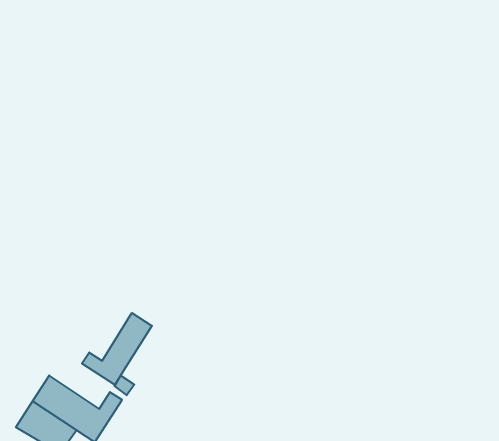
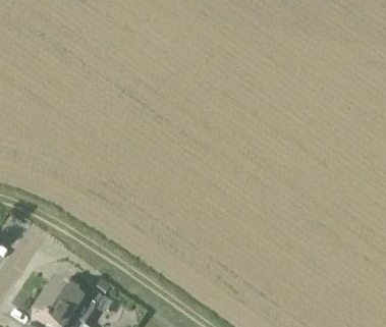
building: [82,313,152,385] -> none

